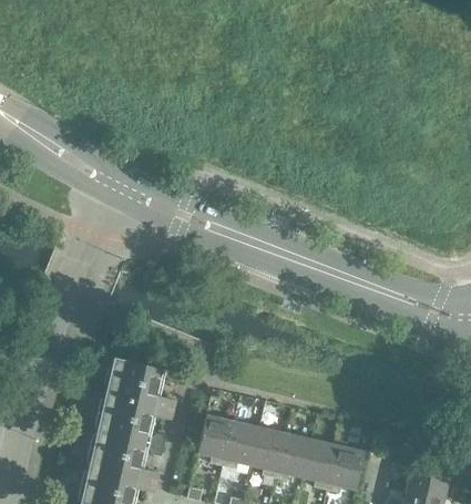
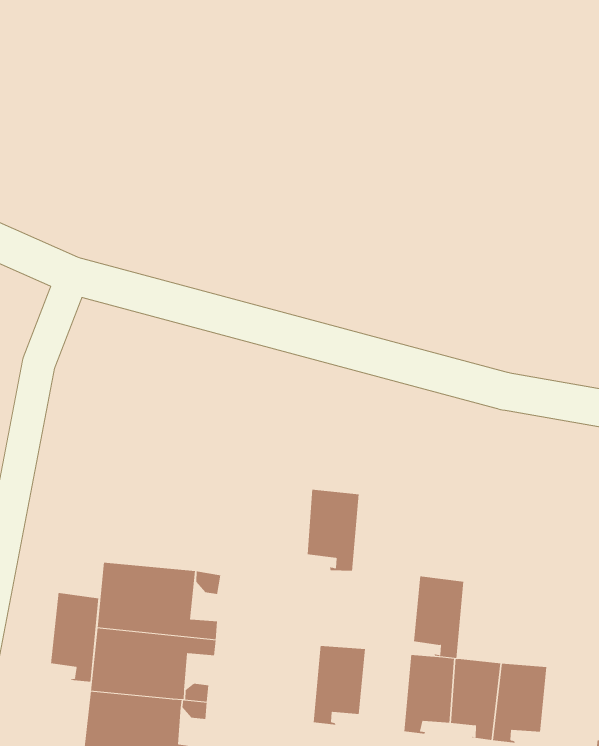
building: none -> [51,592,99,682]
building: [198,415,234,466] -> [307,489,360,571]
building: [252,428,286,479] -> [413,576,464,658]

